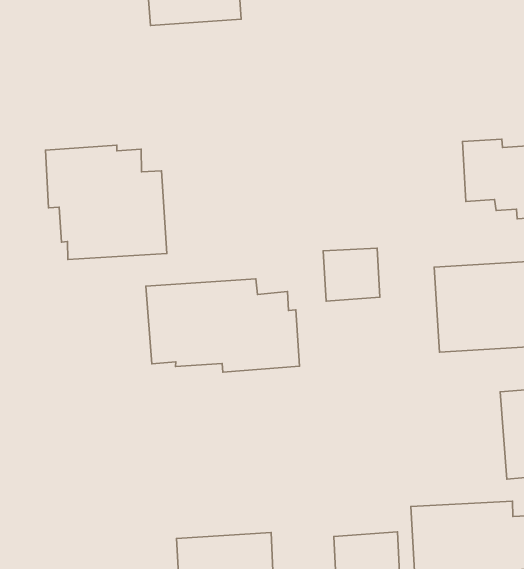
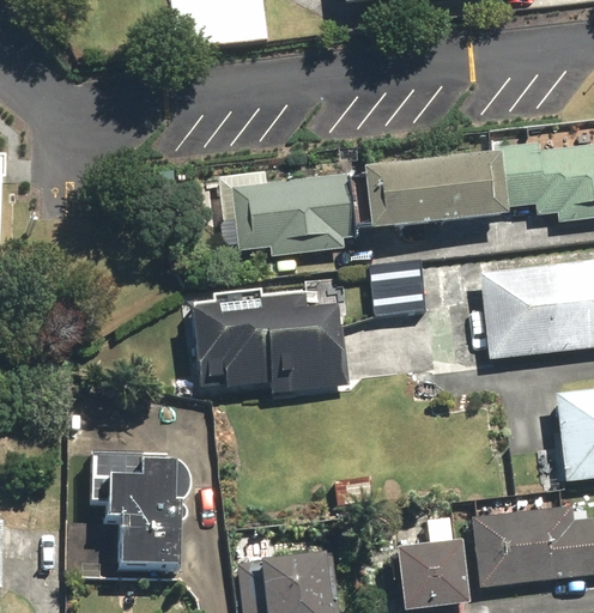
building: [46,145,167,260] -> none
building: none -> [362,153,507,232]
building: none -> [219,170,356,255]
building: none -> [91,449,190,569]

